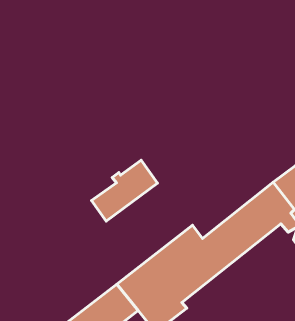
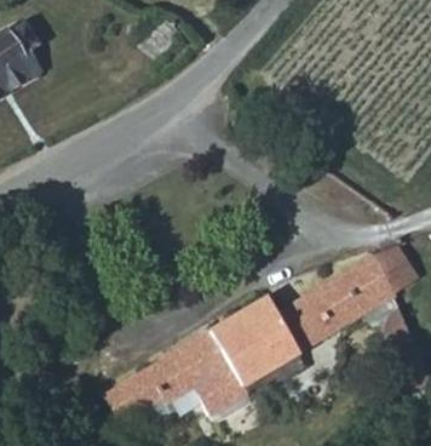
building: [91,160,158,221] -> none

